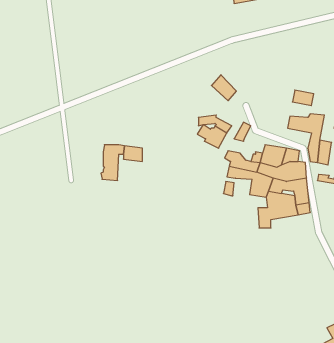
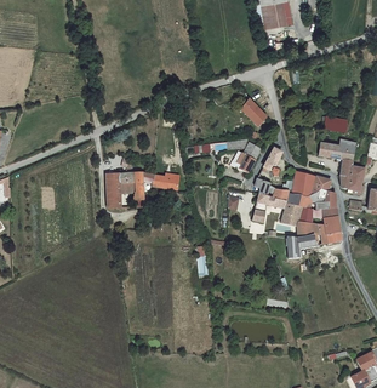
building: none -> [105,161,131,206]

